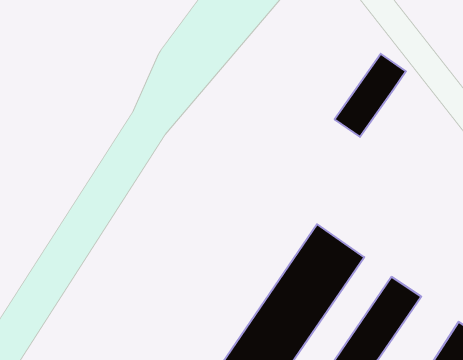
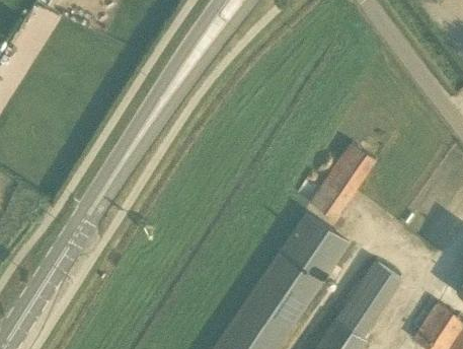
building: [335,54,406,137] -> [309,144,375,221]

